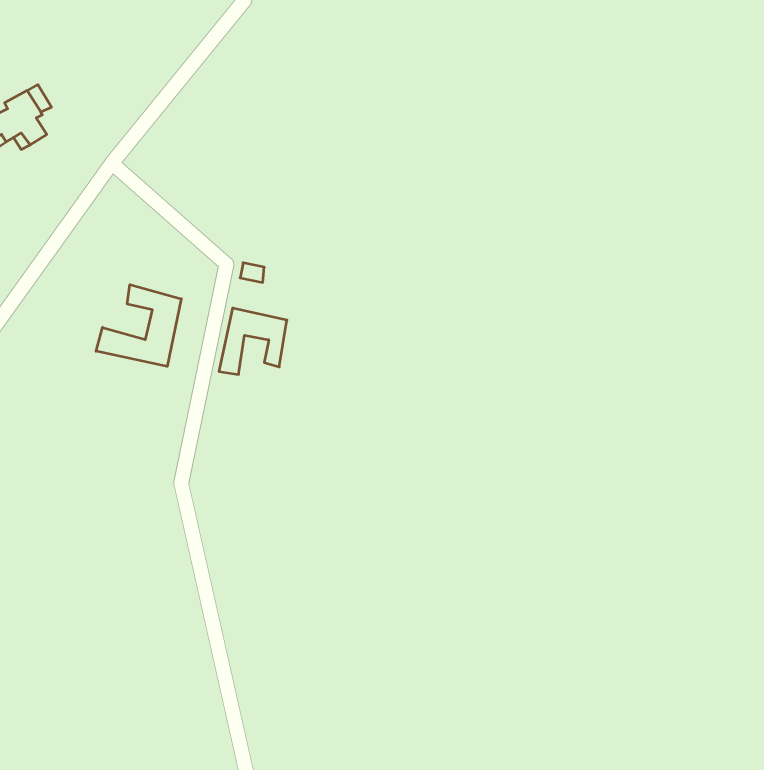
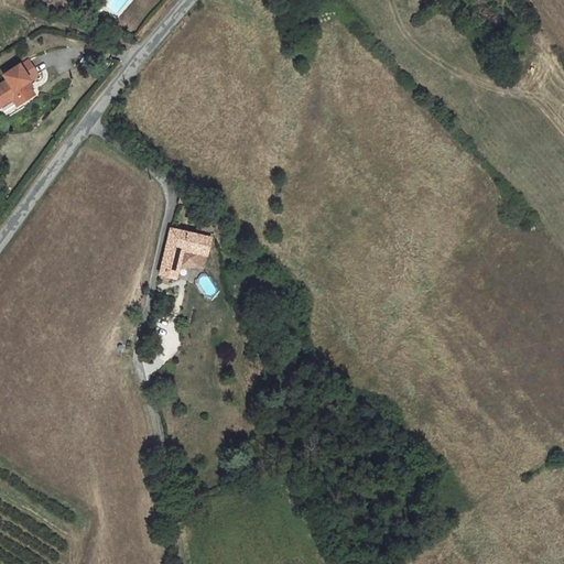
building: [96,285,181,366] -> none

